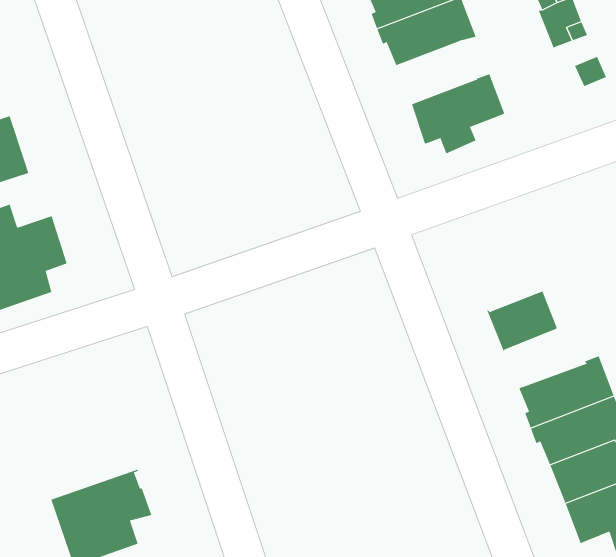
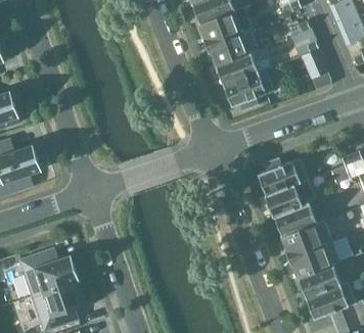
building: none -> [215,52,258,86]
building: none -> [257,157,308,196]
building: none -> [273,202,316,237]
building: none -> [18,248,78,296]

